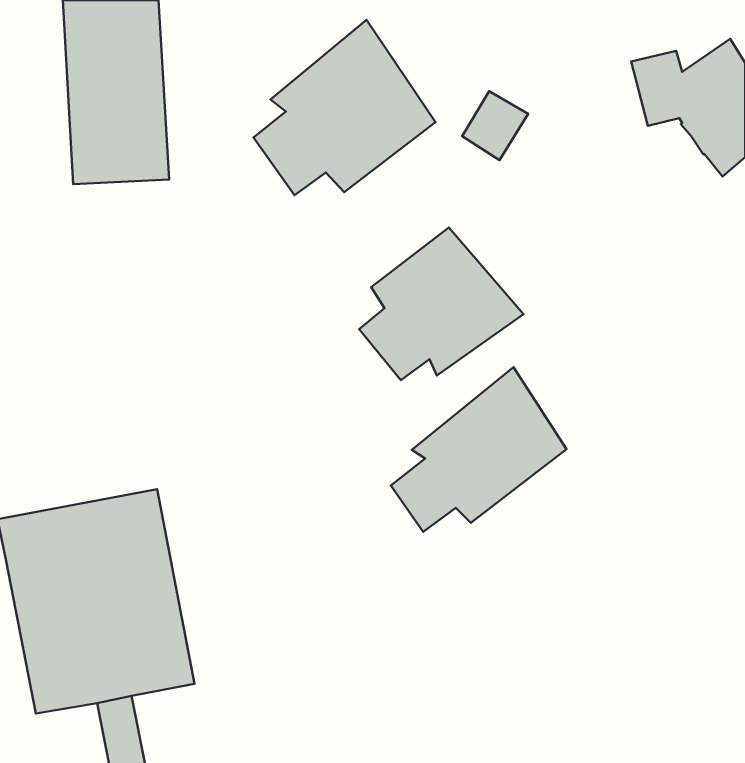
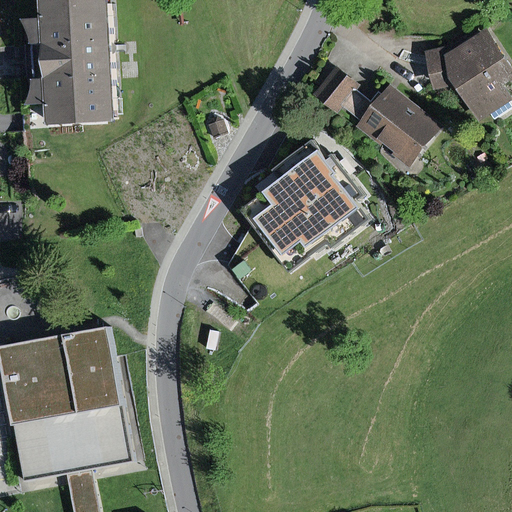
building: [253,20,435,195] -> none
building: none -> [354,78,442,164]
building: [391,367,567,532] -> none

